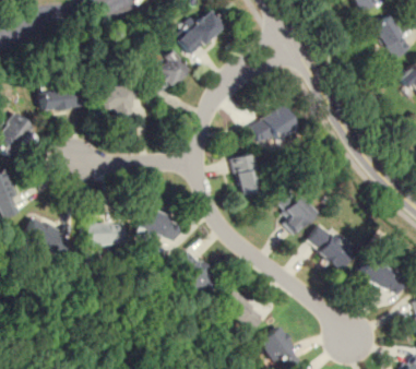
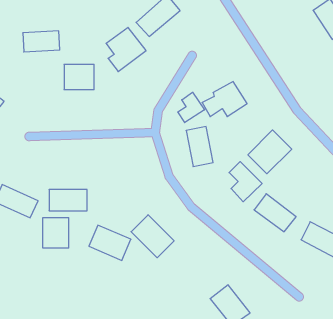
building: [41,87,82,110] -> [23,31,60,52]
building: none -> [178,92,205,123]
building: none -> [248,130,292,174]
building: [138,206,183,245] -> [89,225,131,260]
building: none -> [43,218,69,248]
building: [218,289,265,331] -> none

